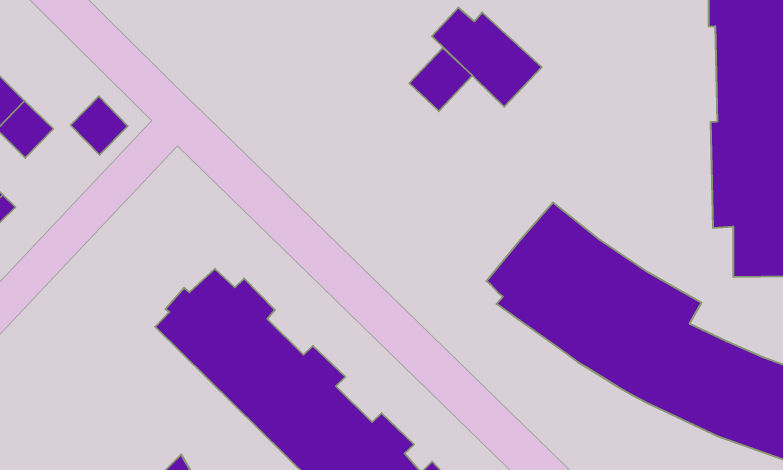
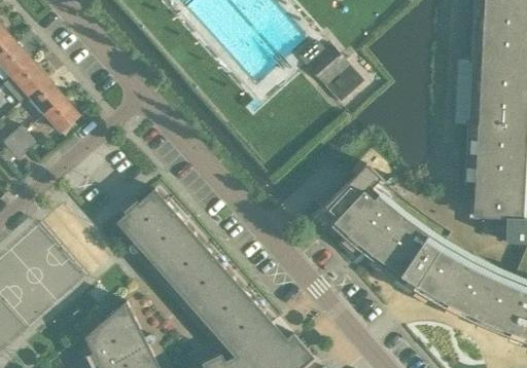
building: [409,48,472,111] -> none
building: [71,96,128,155] -> [45,98,80,134]

